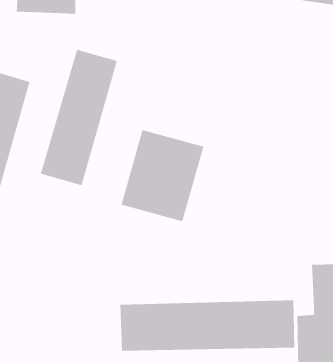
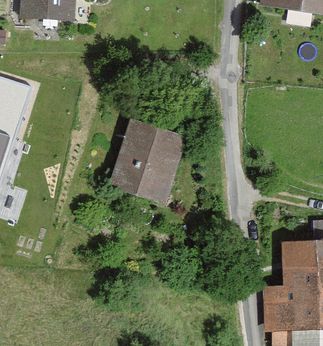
building: [40,49,118,186] -> none
building: [120,299,295,352] -> none

